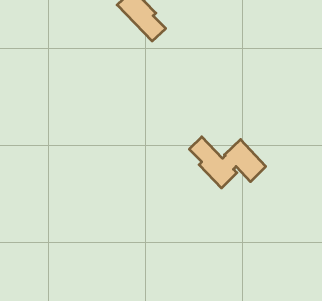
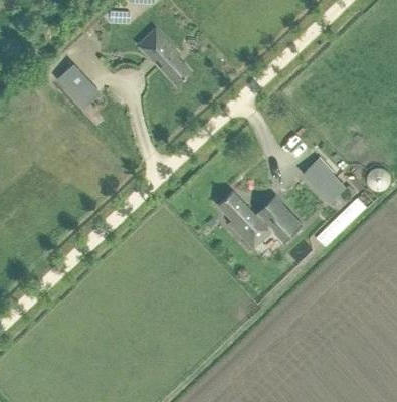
building: none -> [55,63,91,99]
building: none -> [302,158,348,200]

